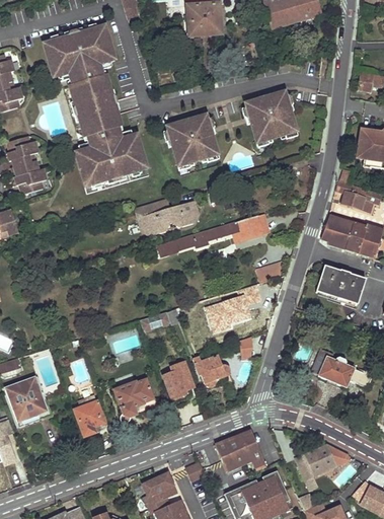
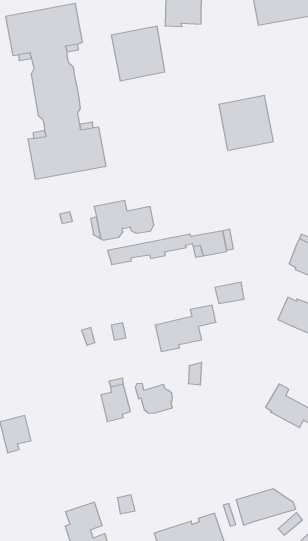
building: [166,114,218,166] -> [111,26,165,81]
building: [114,379,155,422] -> none
building: [216,430,266,470] -> none

